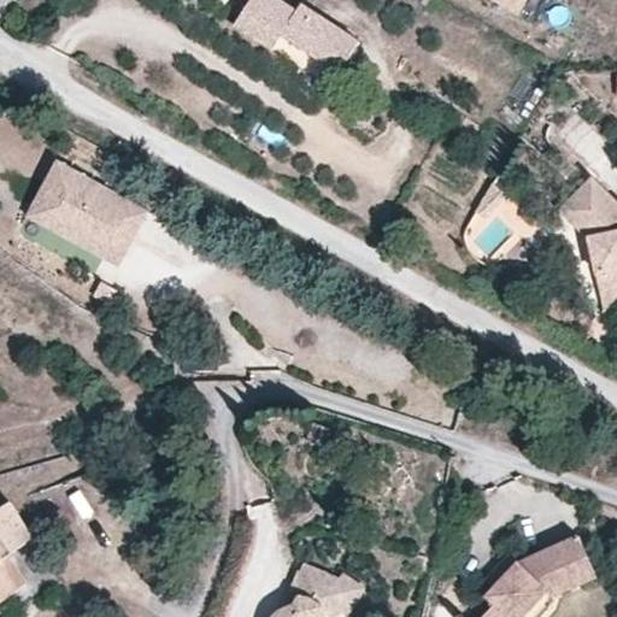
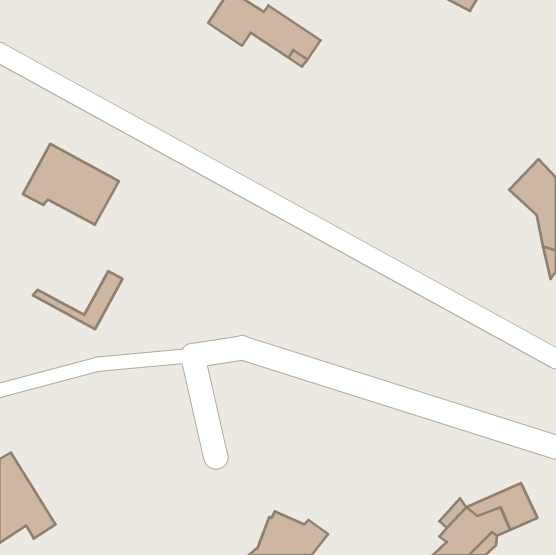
building: [48,200,147,264] -> [33,271,122,329]

